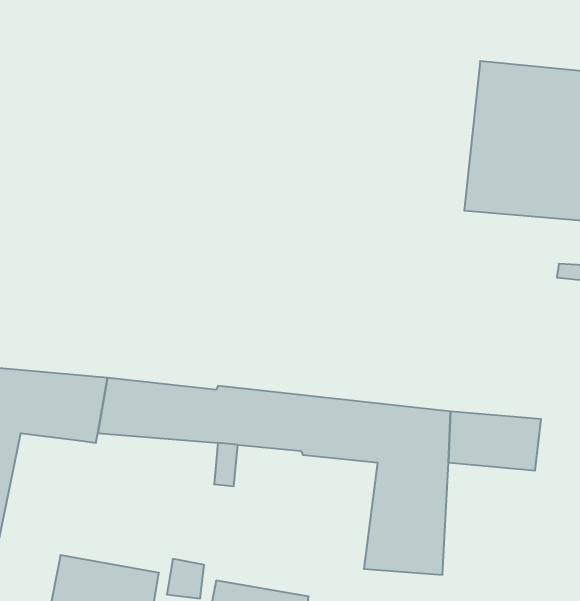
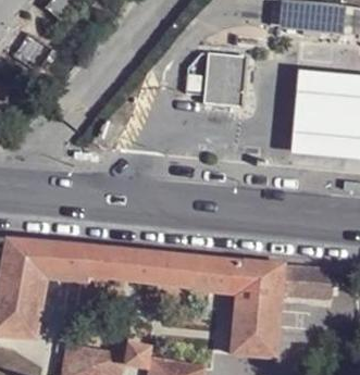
building: none -> [201,53,245,107]

